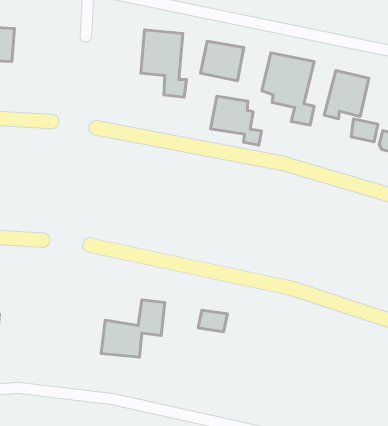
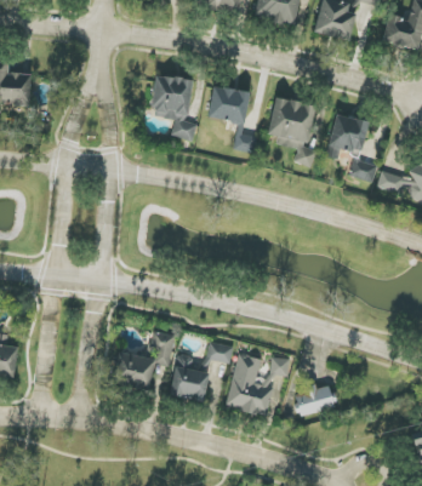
building: [210,96,262,145] -> none
building: none -> [227,353,291,416]
building: none -> [171,354,209,401]
building: none -> [295,385,333,414]

